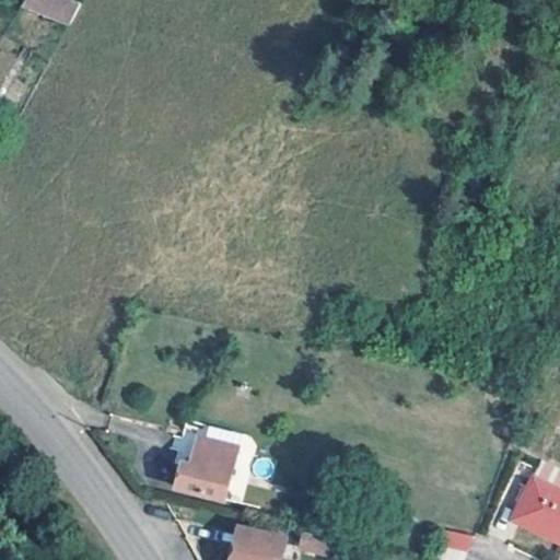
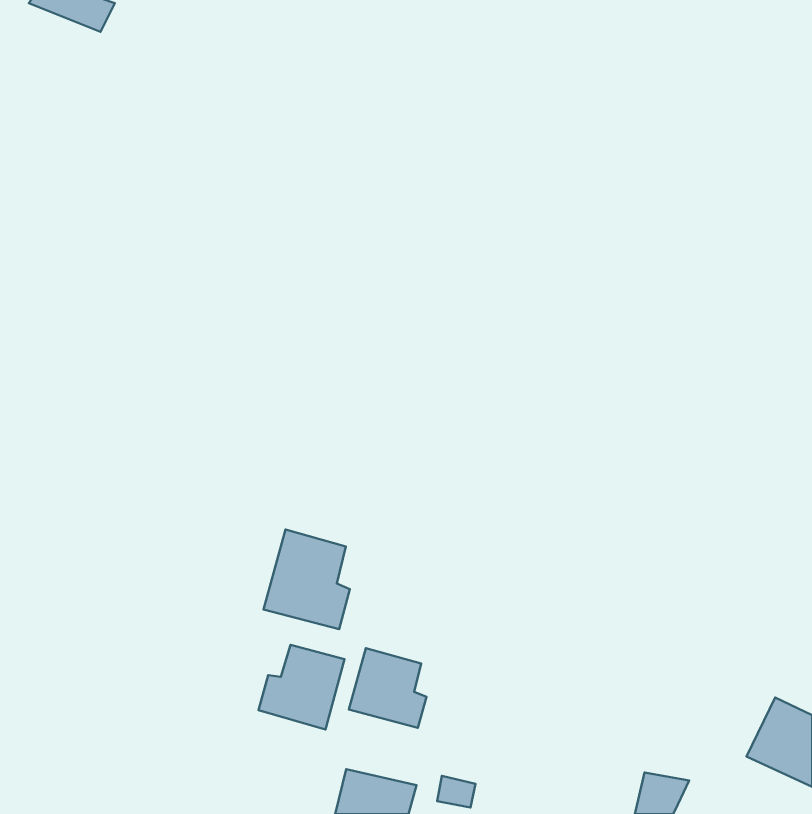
building: none -> [264,530,350,629]
building: none -> [349,648,426,728]

